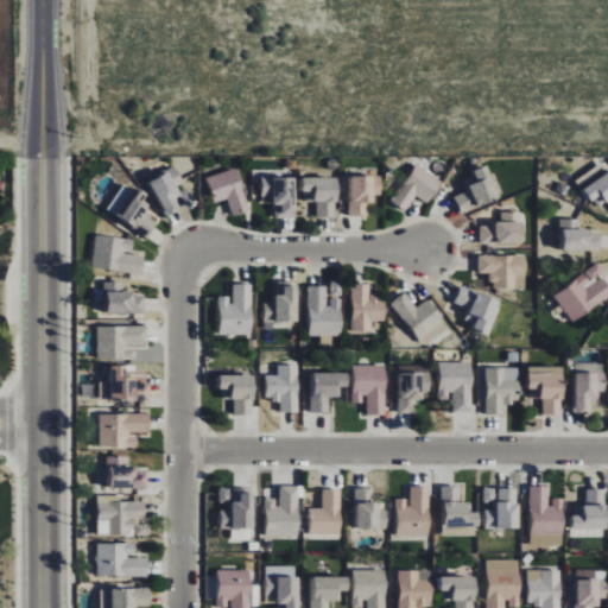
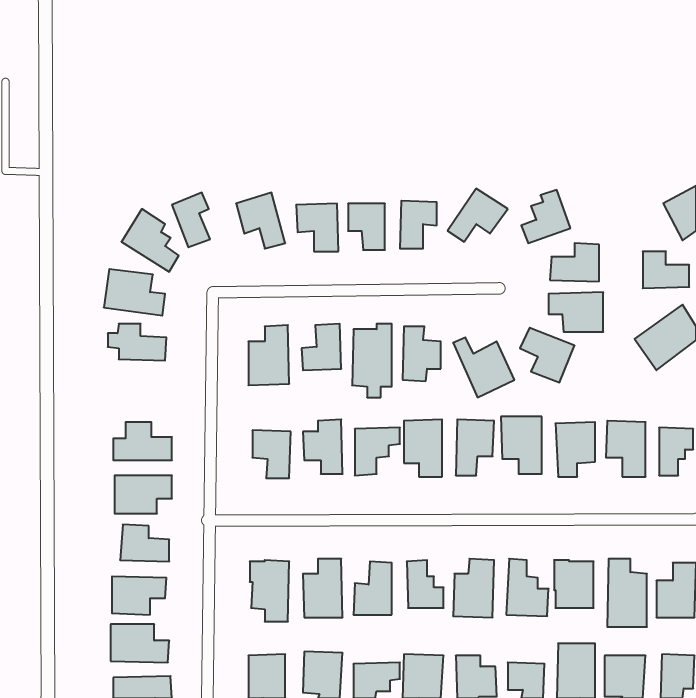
building: [96,325,147,361] -> none

